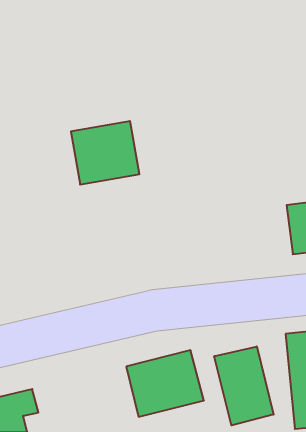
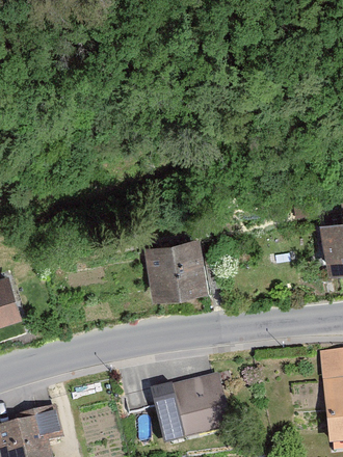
building: [71,121,139,185] -> [144,240,214,304]
building: [214,346,274,425] -> none

